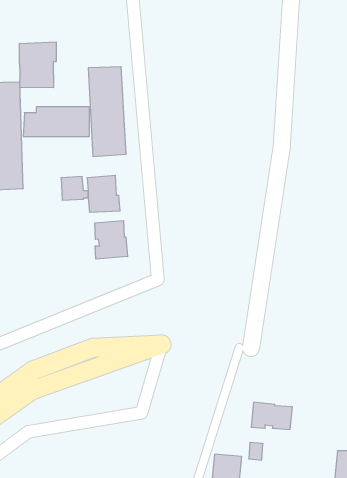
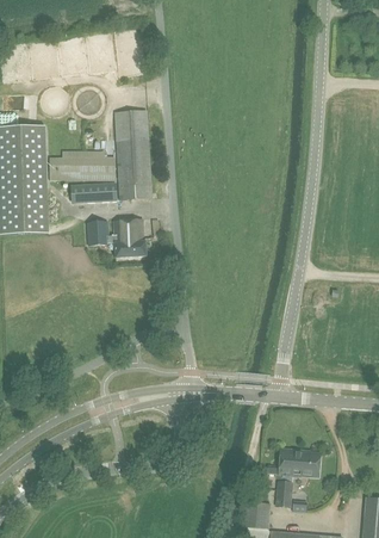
building: [20,42,56,88] -> none
building: none -> [72,183,116,202]
building: [95,221,128,259] -> none

